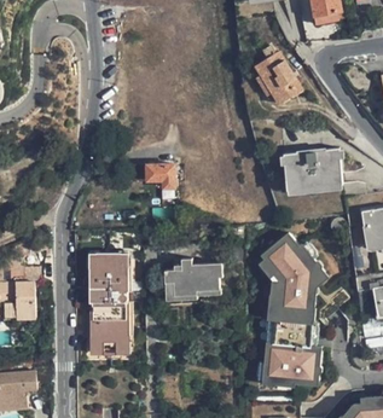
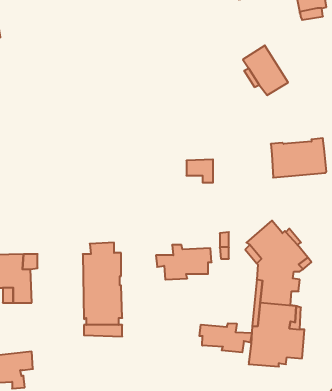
building: [146,163,174,187] -> [186,159,213,183]
building: none -> [199,323,252,352]

